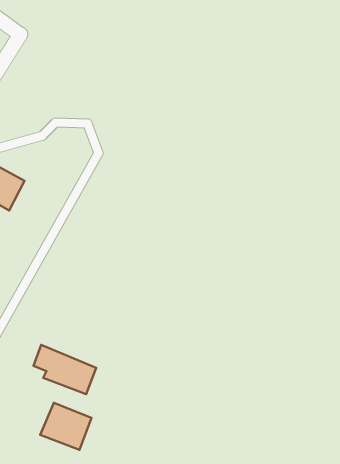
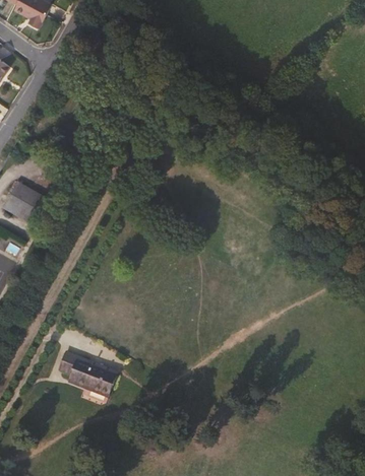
building: [40,403,91,450] -> none

